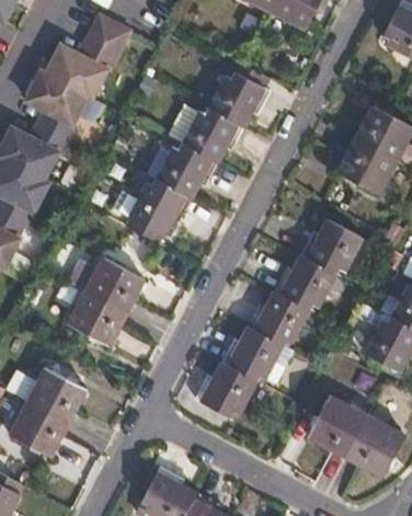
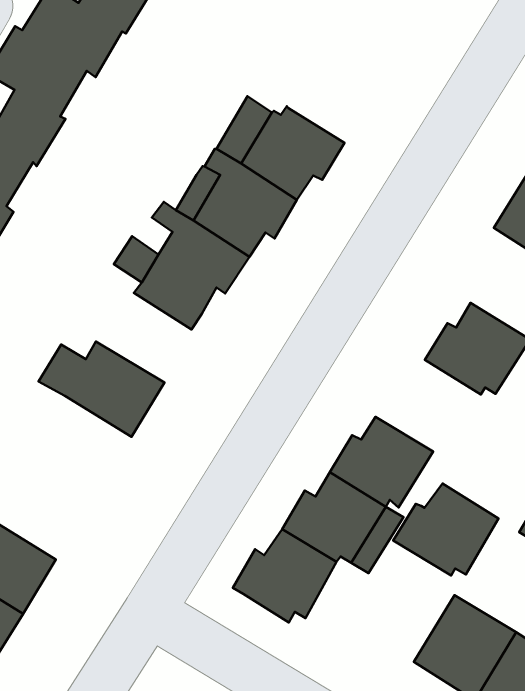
building: [208,59,270,127] -> none
building: [273,254,335,309] -> [393,484,499,575]
building: [68,290,127,346] -> none

